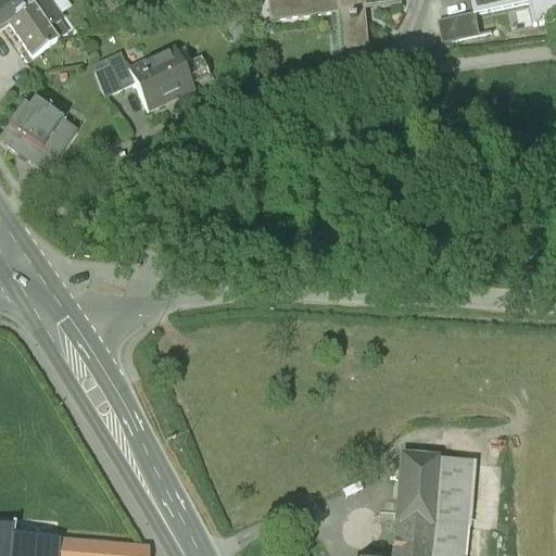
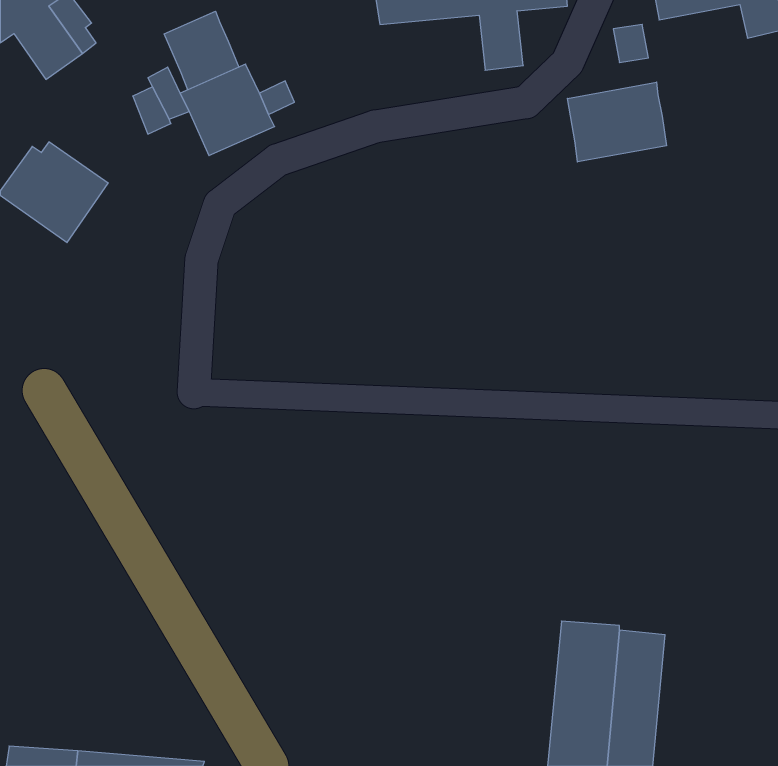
building: none -> [164,11,239,90]
building: none -> [567,82,666,162]

